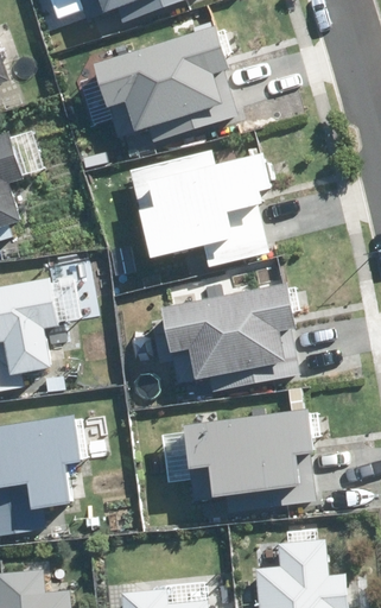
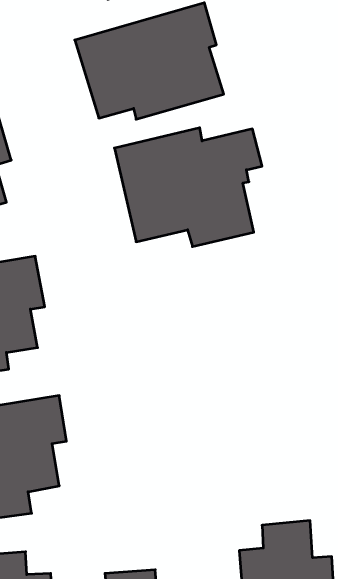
building: [160,281,299,390] -> none
building: [179,406,316,512] -> none

